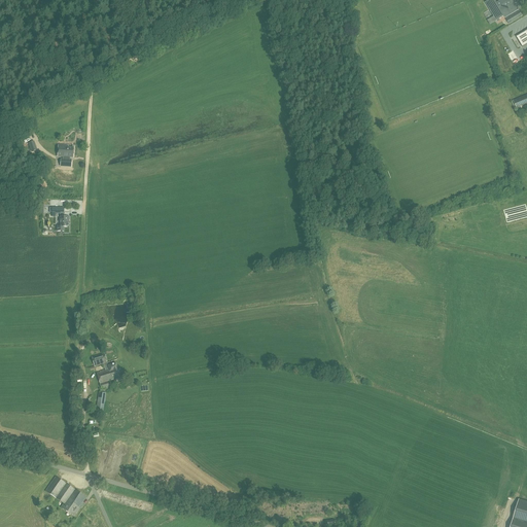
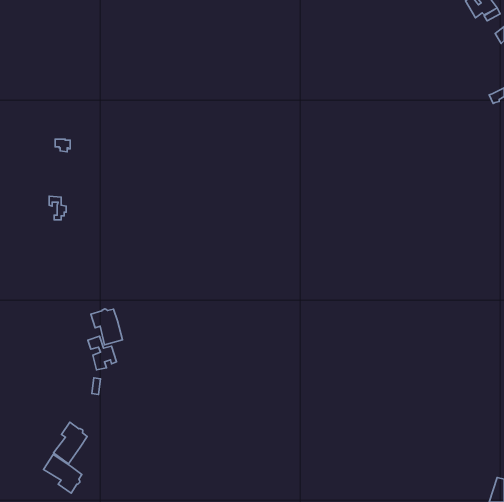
building: none -> [91,309,123,345]
building: none -> [53,422,87,464]

